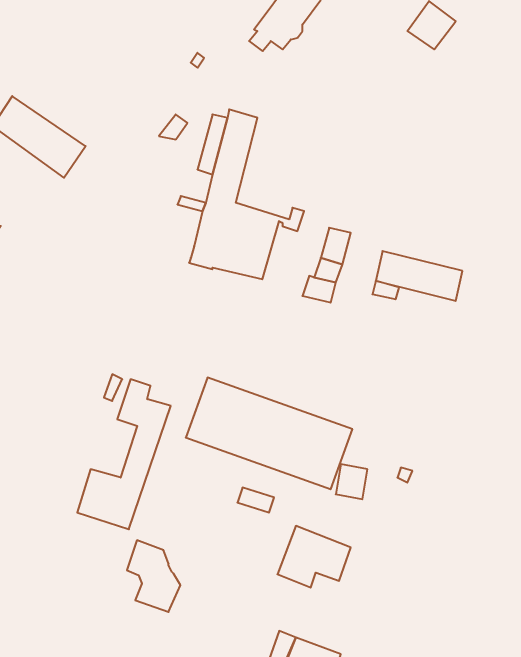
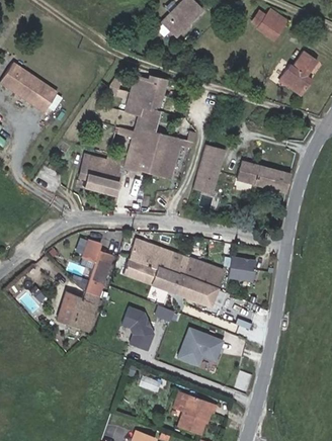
building: none -> [277,51,317,96]
building: none -> [82,153,127,194]
building: none -> [229,257,256,279]
building: [127,540,180,612] -> [121,306,154,350]

